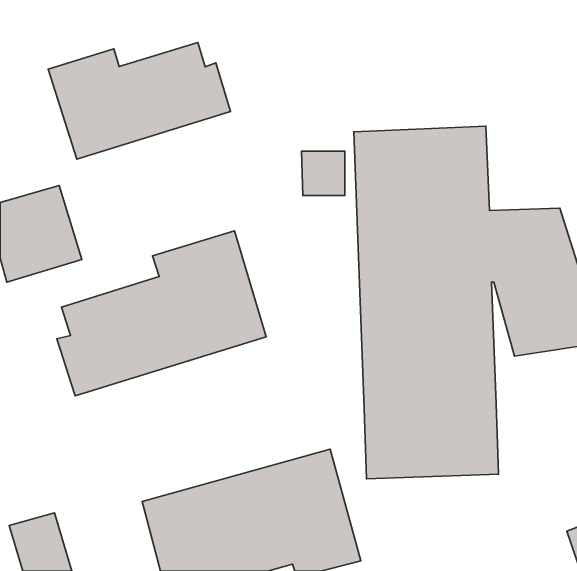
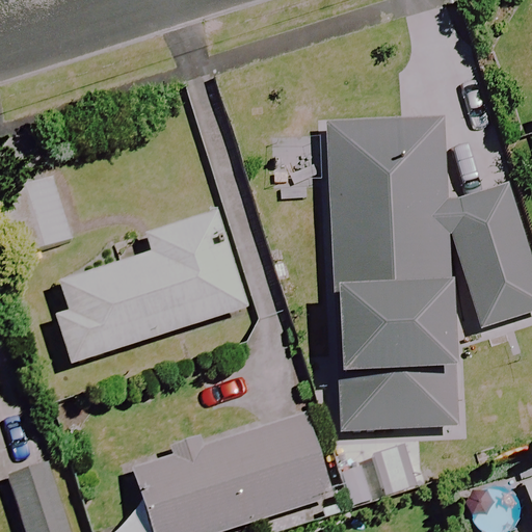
building: [48,42,231,159] -> none

